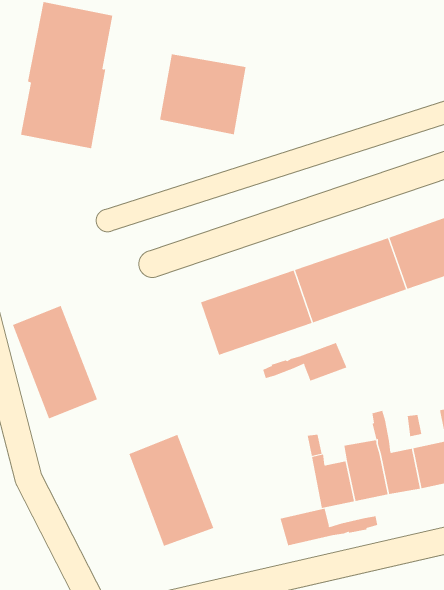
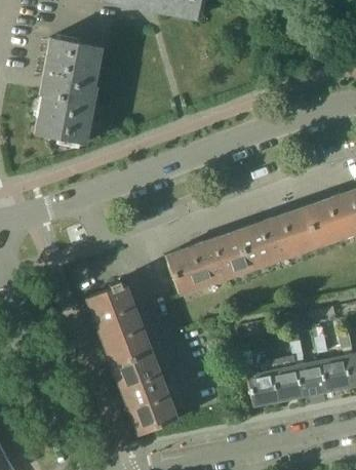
building: [159,53,246,135] -> none
building: [12,305,98,419] -> [87,282,150,365]
building: [263,342,347,381] -> none
building: [280,508,378,546] -> none

